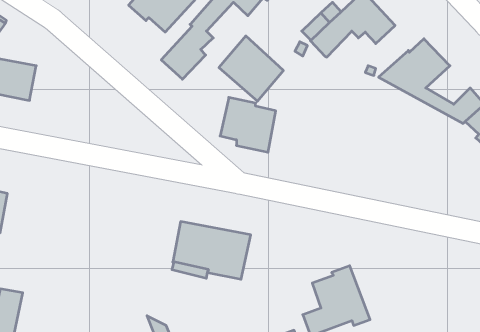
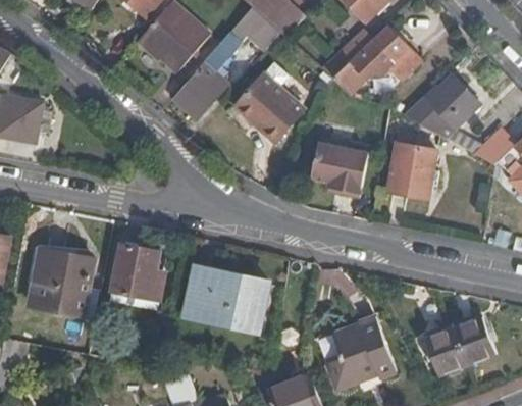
building: [220,97,276,152] -> [307,139,366,197]
building: none -> [386,140,433,195]
building: none -> [110,243,165,302]
building: none -> [32,249,99,318]
building: none -> [426,317,498,375]

